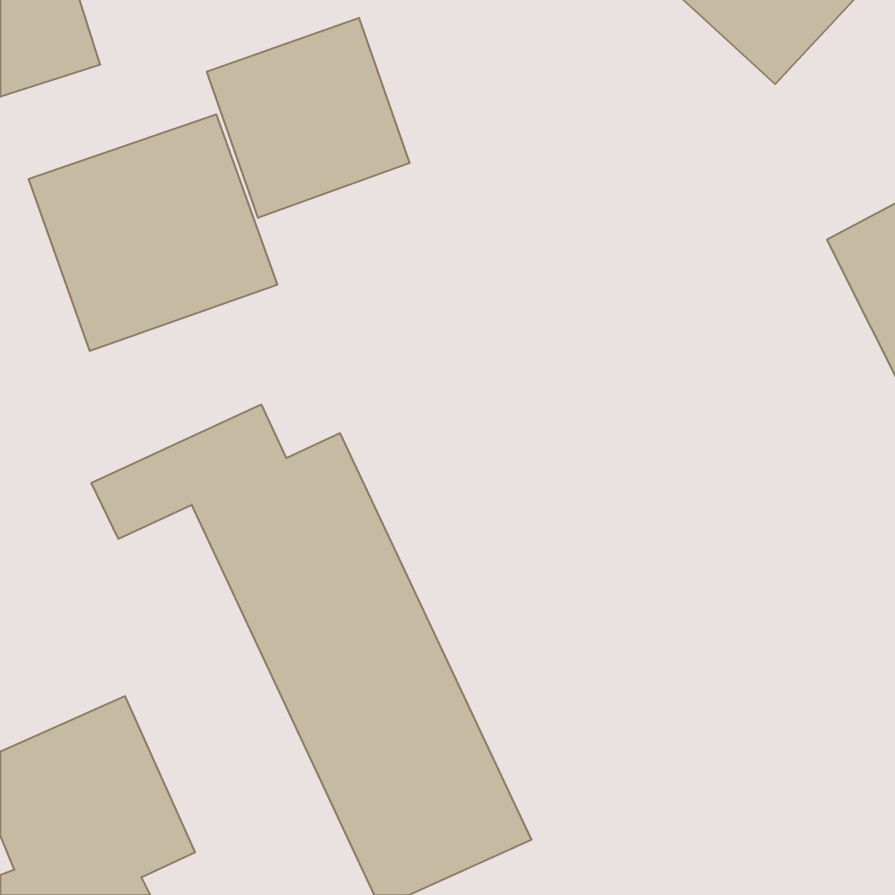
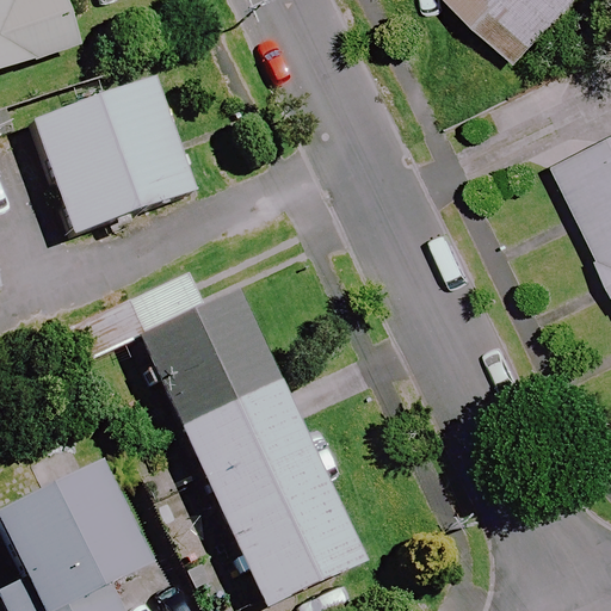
building: [207,18,409,218] -> none

